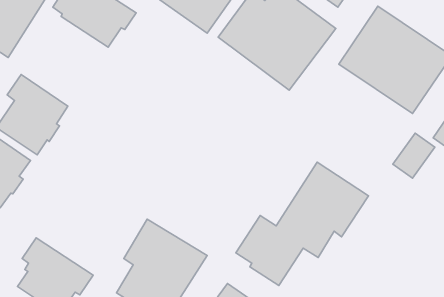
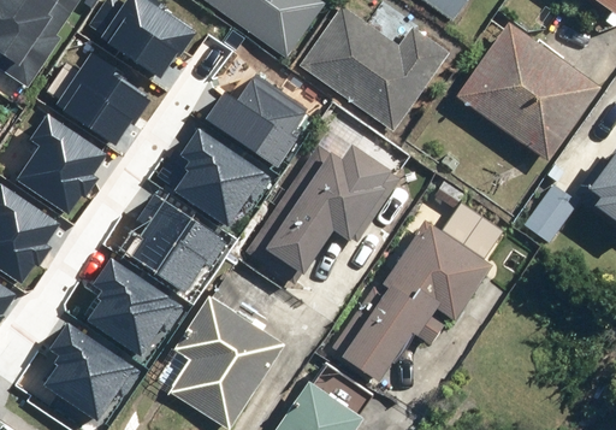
building: none -> [53,51,150,145]
building: none -> [205,72,307,167]
building: none -> [251,122,407,282]
building: none -> [172,126,271,228]
building: none -> [130,193,227,293]
building: none -> [85,257,183,357]

